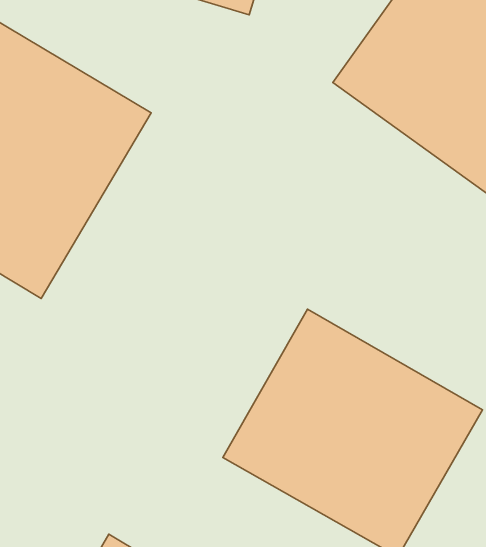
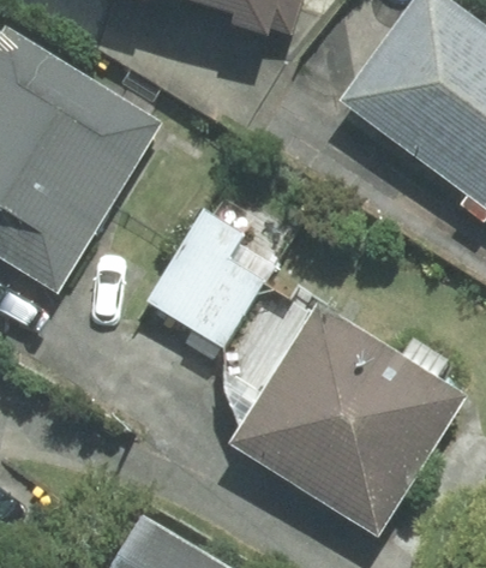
building: none -> [136,190,295,348]

